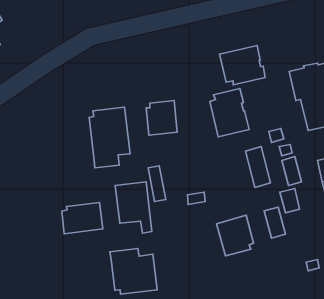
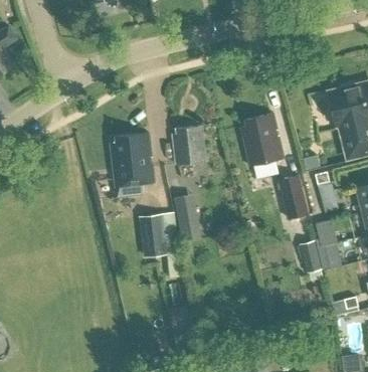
building: [220,45,265,85] -> none
building: [62,203,103,234] -> none
building: [217,215,253,256] -> none
building: [110,248,157,294] -> none

